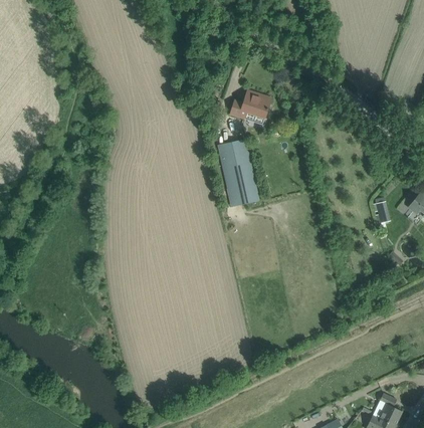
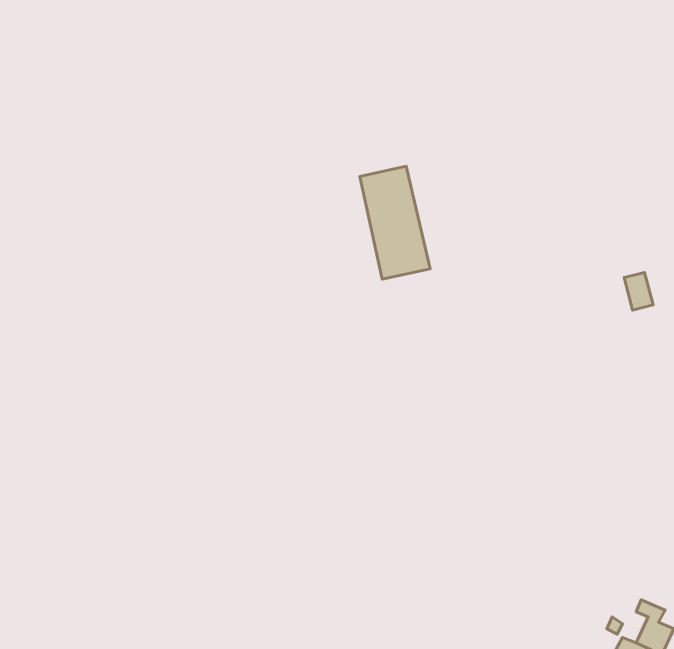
building: [230,90,271,119] -> none

